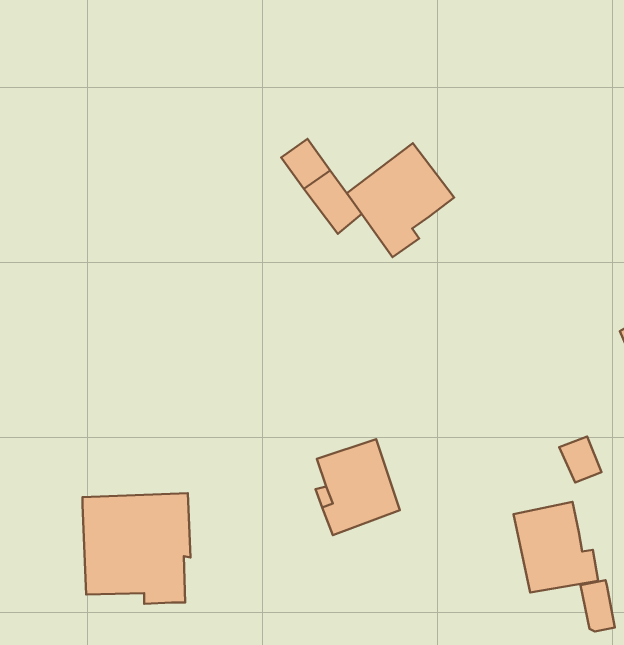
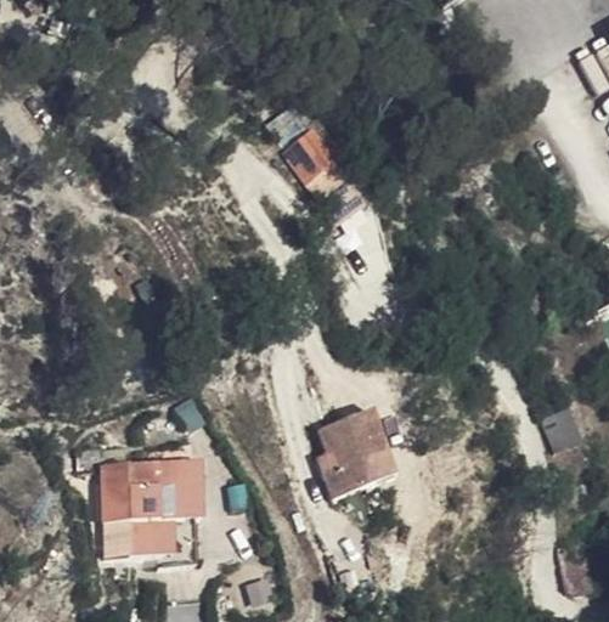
building: [347,143,454,257] -> none
building: [514,502,598,593] -> none

